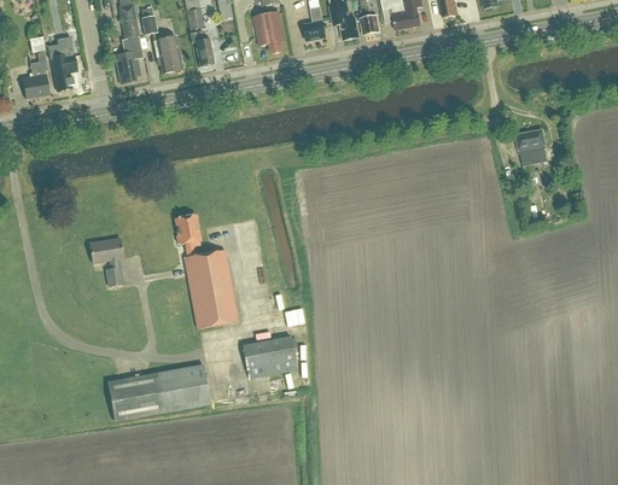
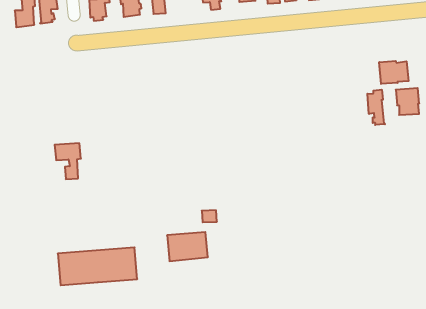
building: none -> [379,61,409,84]
building: none -> [367,90,385,125]
building: [175,214,238,327] -> none

